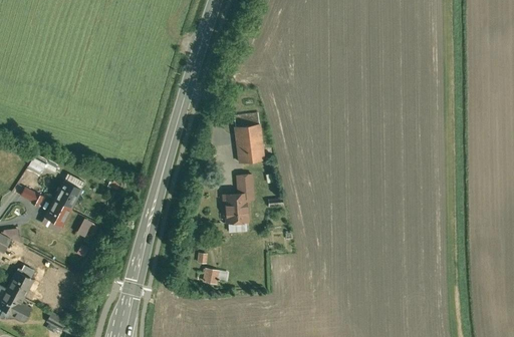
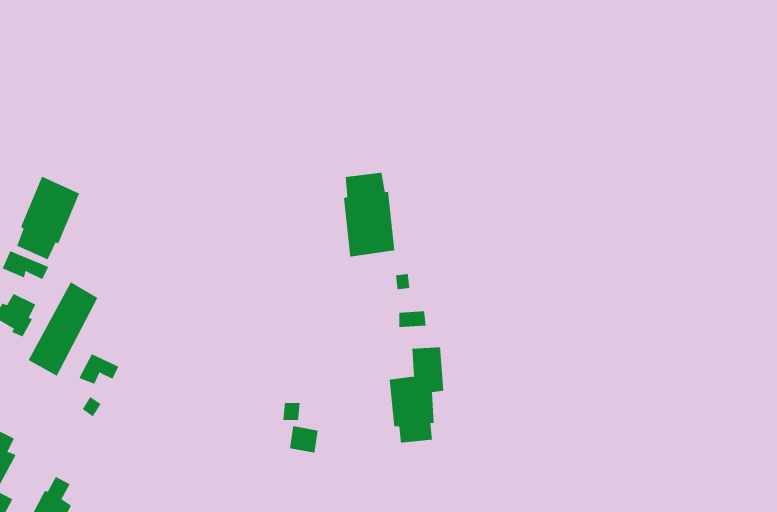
building: none -> [16,176,80,260]
building: [222,173,256,232] -> [389,347,444,443]

